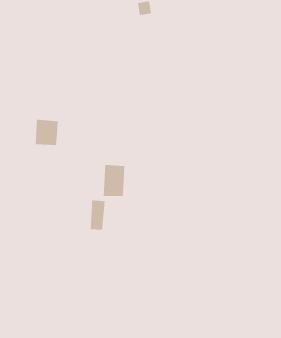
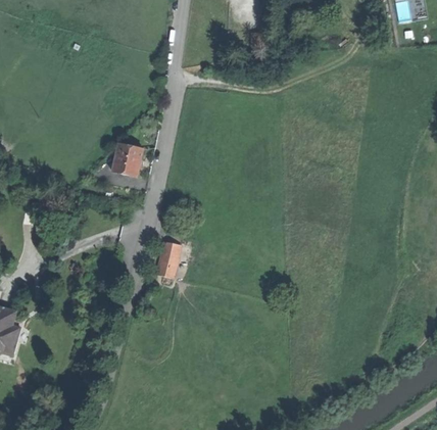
building: [103,164,125,197] -> none

